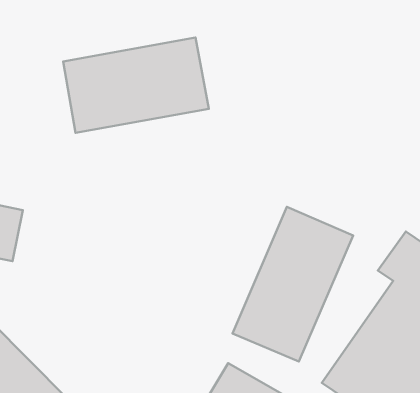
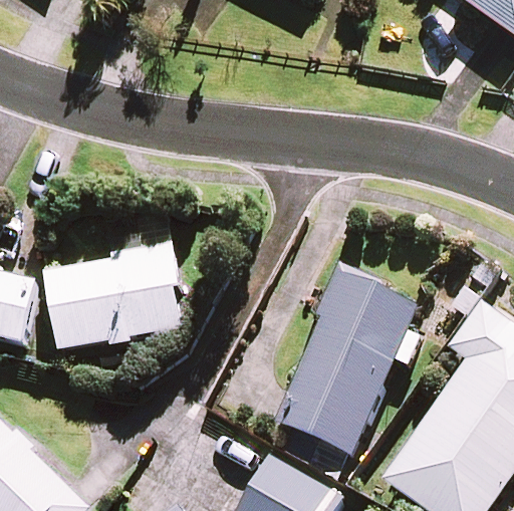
building: [63,37,209,133] -> none
building: none -> [46,248,183,349]

